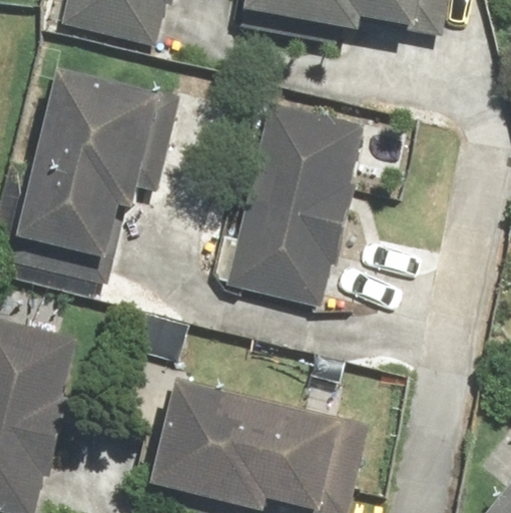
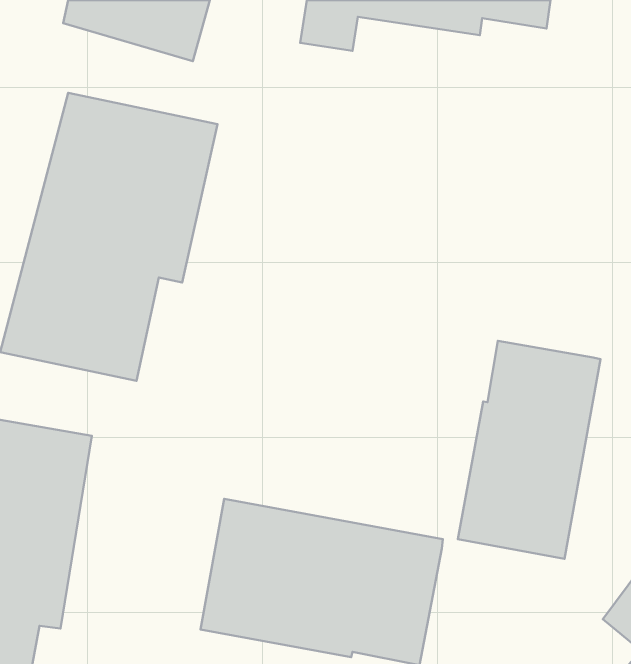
building: [220,112,361,308] -> none
building: none -> [458,341,601,559]

